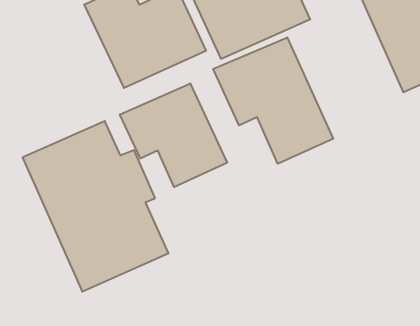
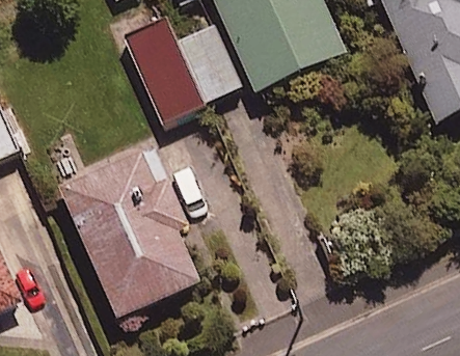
building: [213,37,333,164] -> none
building: [120,83,227,187] -> none

